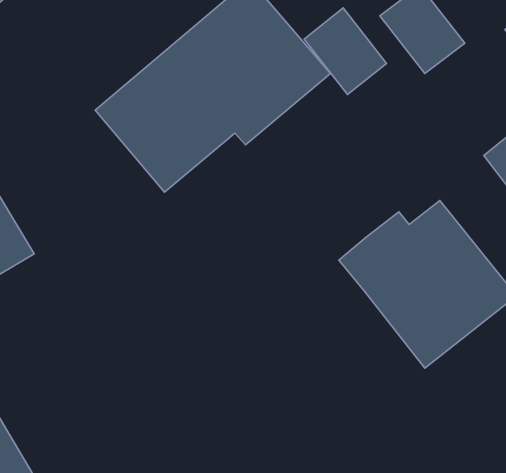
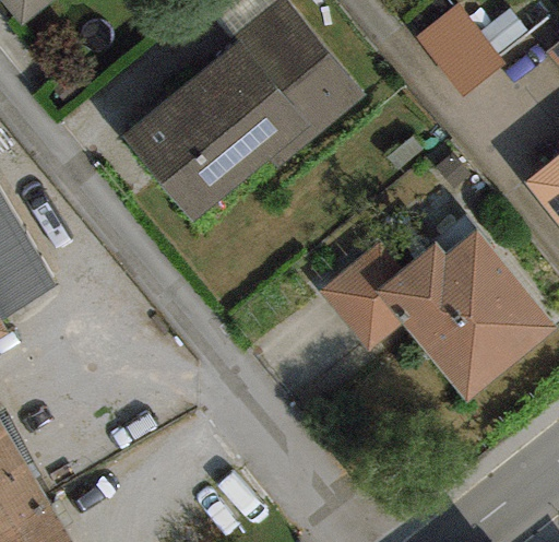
building: [304,8,387,95] -> none
building: none -> [316,238,402,350]

